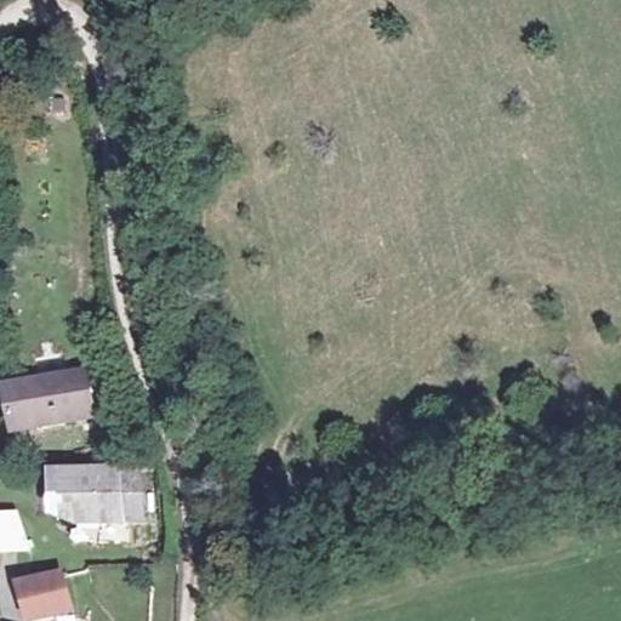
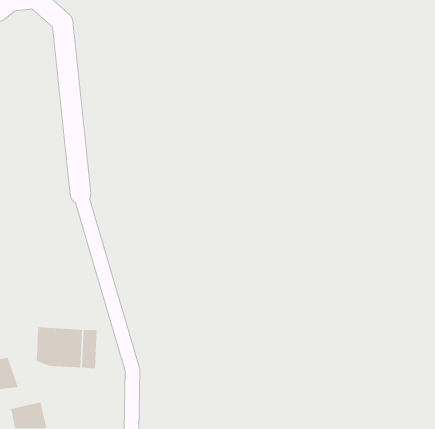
building: [5,364,87,427] -> none

